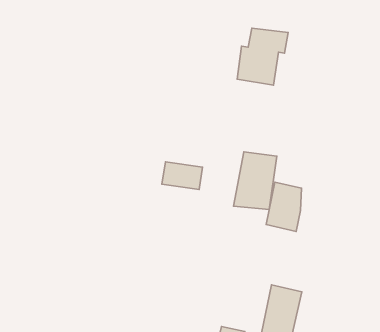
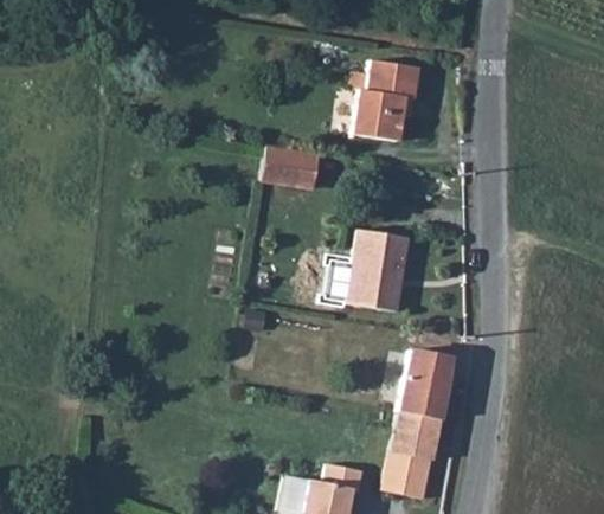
building: [162,162,203,189] -> [264,147,320,185]
building: [266,182,302,231] -> [400,354,449,422]

